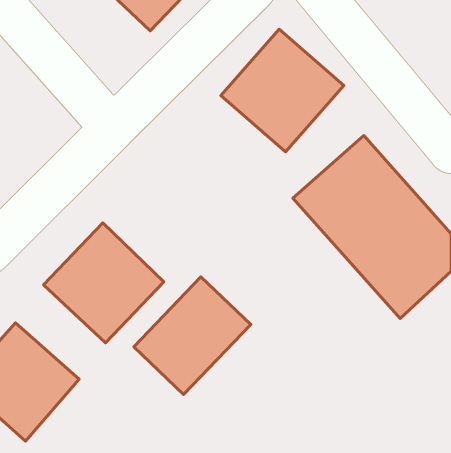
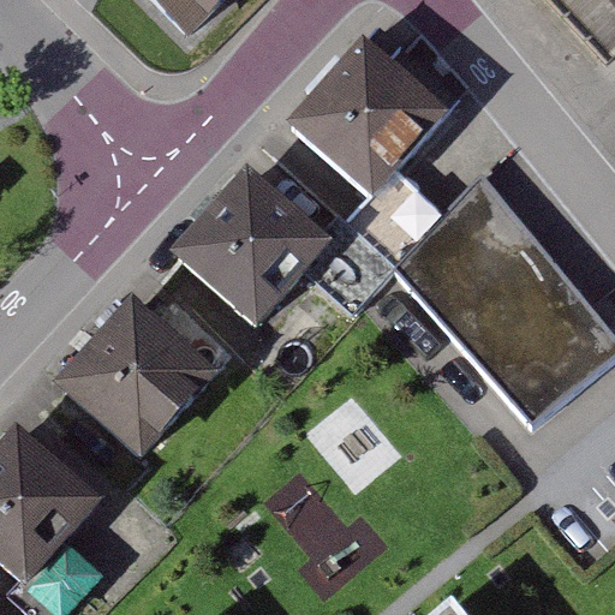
building: none -> [171,168,383,321]
building: [134,277,251,395] -> none

